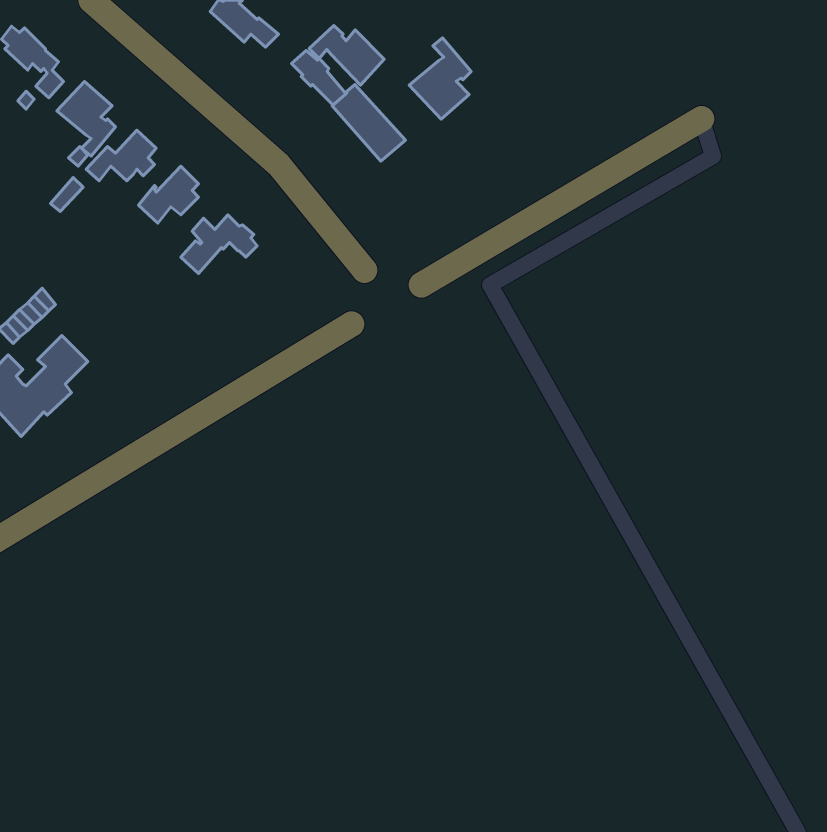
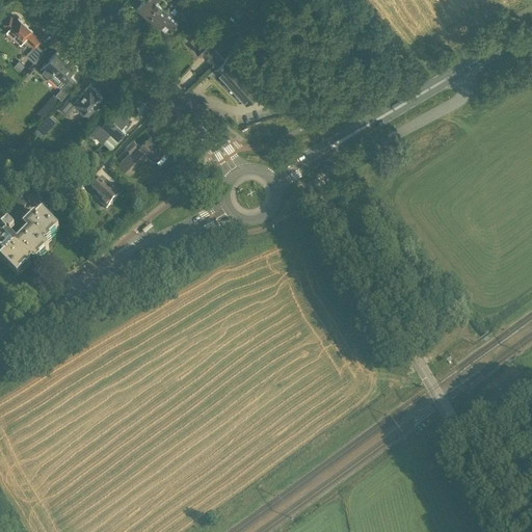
building: [309,26,384,85] -> none
building: [409,38,471,119] -> none
building: none -> [89,179,116,209]

